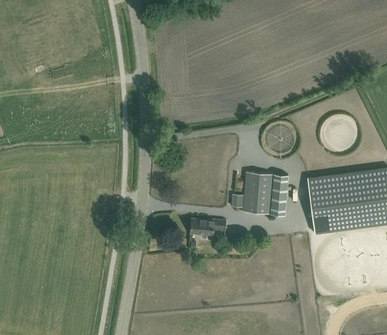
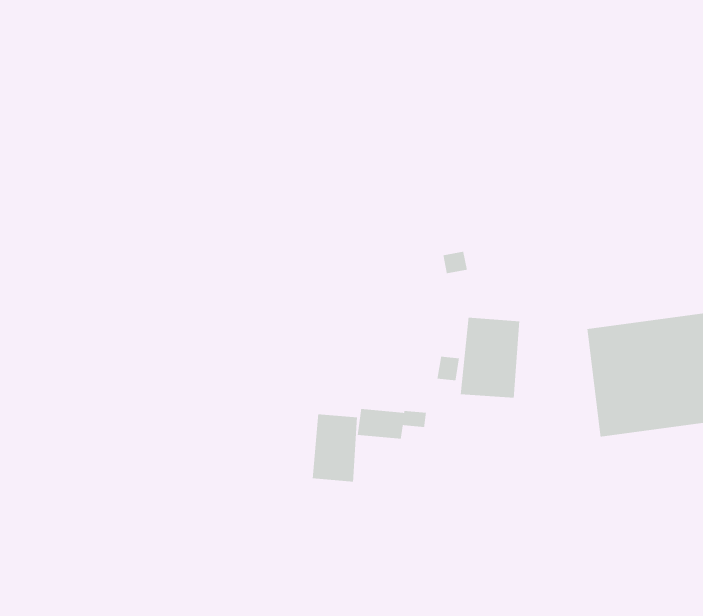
building: [271,174,288,215] -> none
building: none -> [312,413,358,483]

